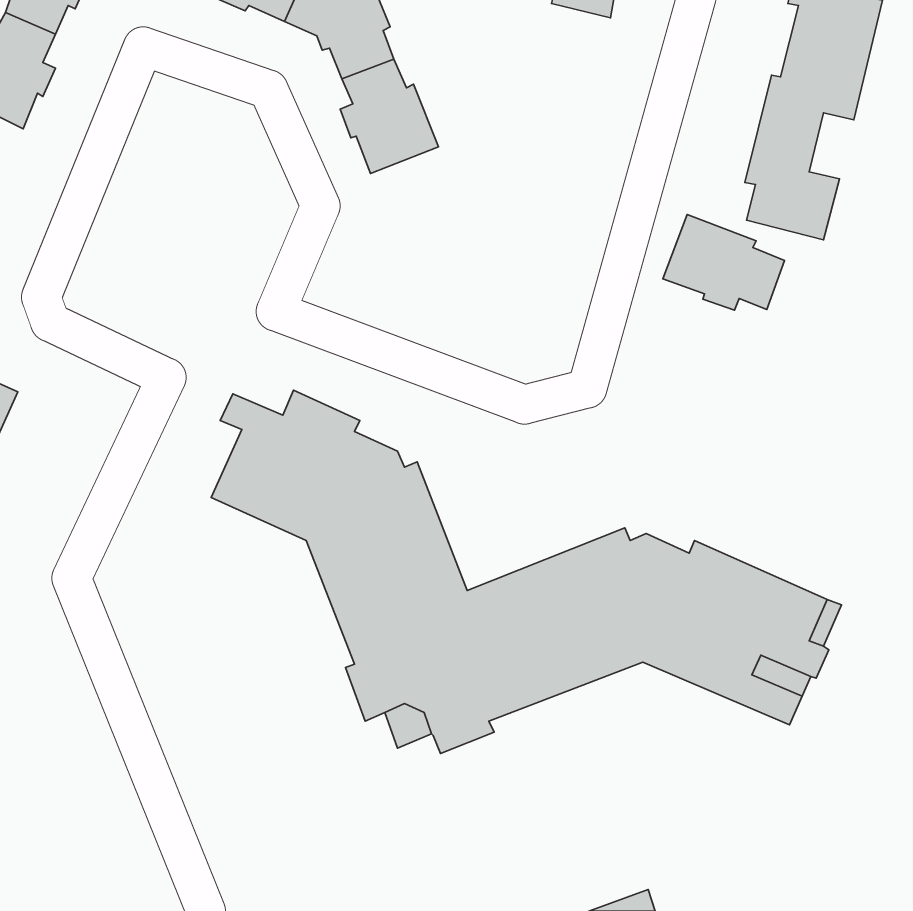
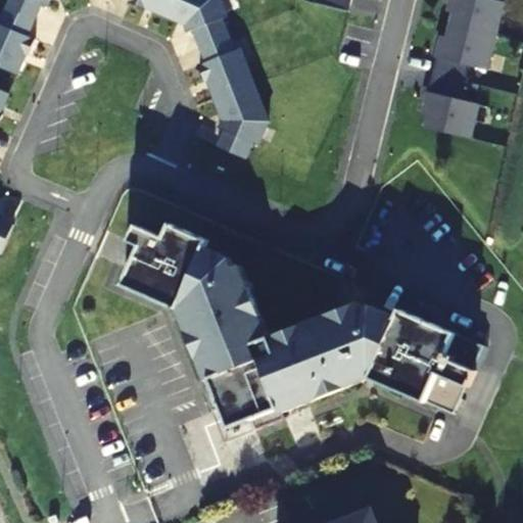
building: none -> [211,84,264,158]
building: [663,215,785,310] -> none

